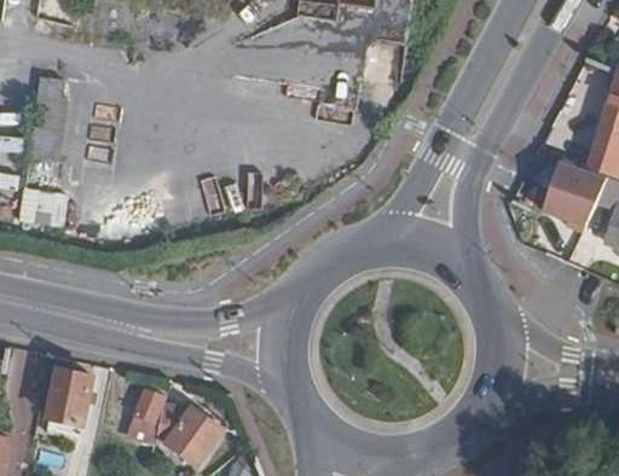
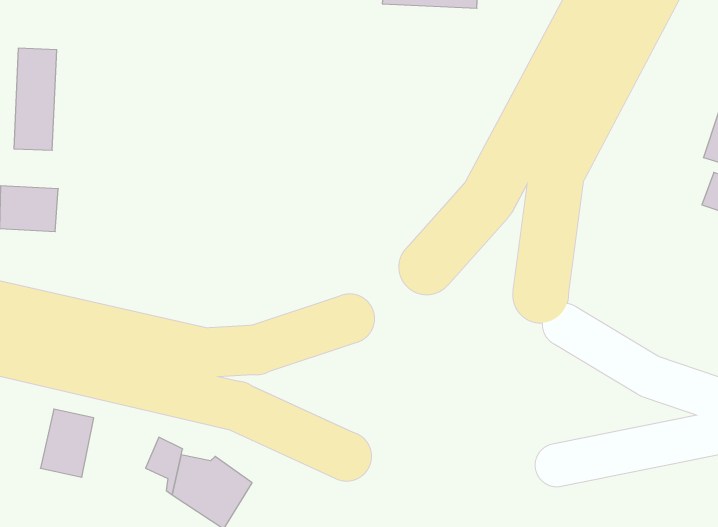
building: [530,153,597,225] -> none

